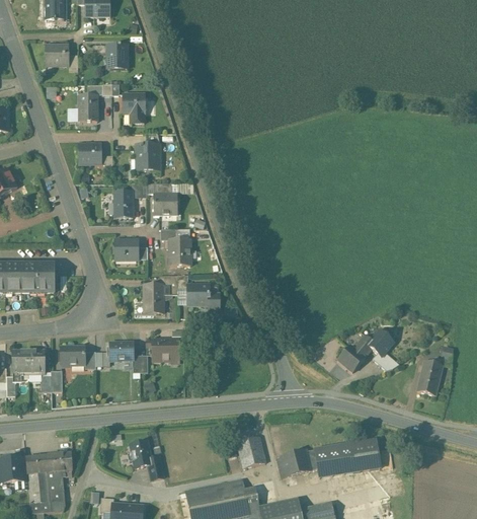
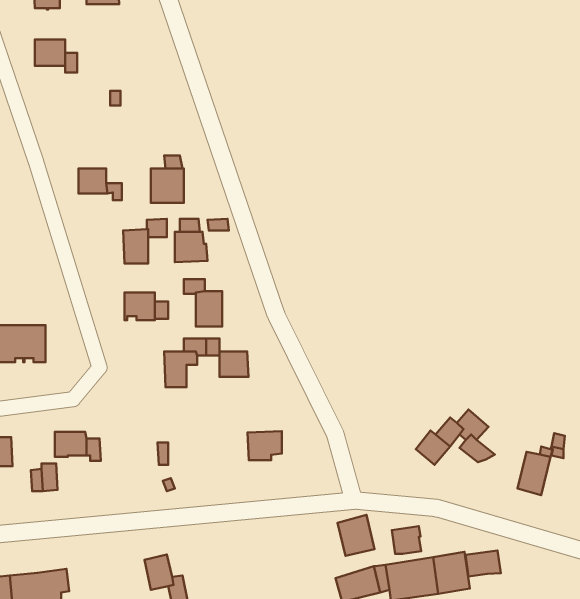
building: [107,45,128,69] -> none
building: [122,94,146,123] -> none
building: [79,95,97,121] -> none
building: [152,339,178,361] -> [248,431,282,460]
building: [109,343,135,361] -> none
building: [27,350,46,373] -> none
building: none -> [392,526,421,554]
building: [237,436,265,467] -> [338,515,374,556]
building: none -> [465,550,501,577]

